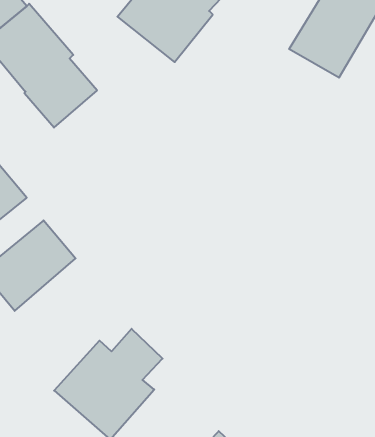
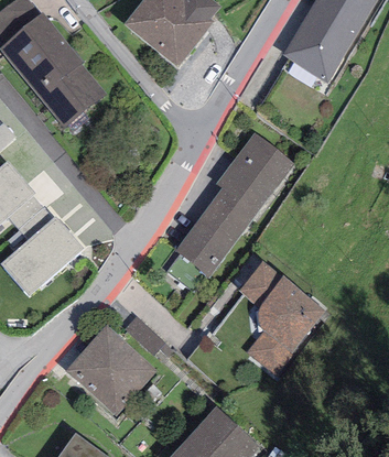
building: none -> [165,132,292,291]
building: none -> [239,262,325,374]

